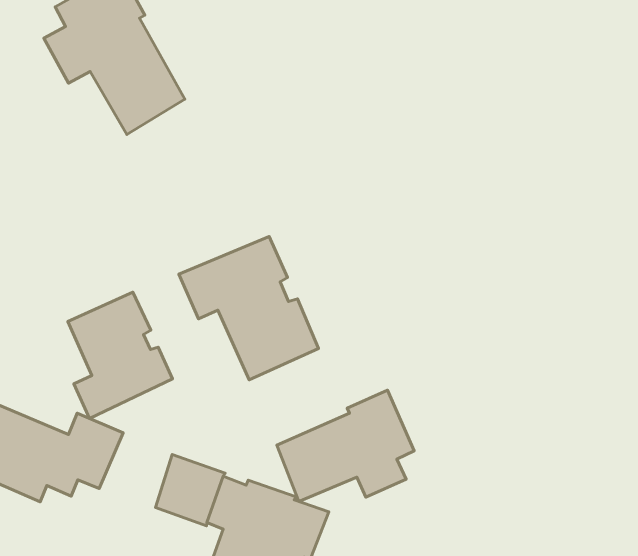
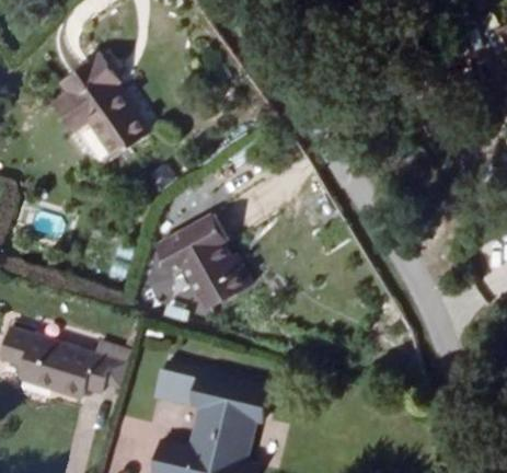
building: [68,292,172,418] -> none
building: [277,390,414,502] -> none

